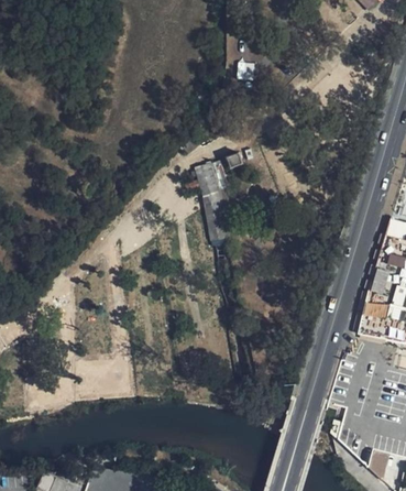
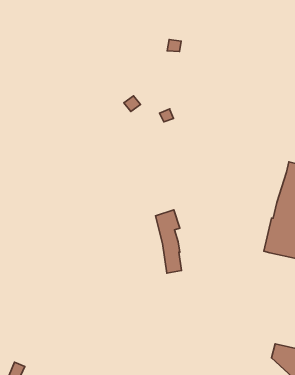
building: [196,162,229,242] -> [156,210,182,273]

